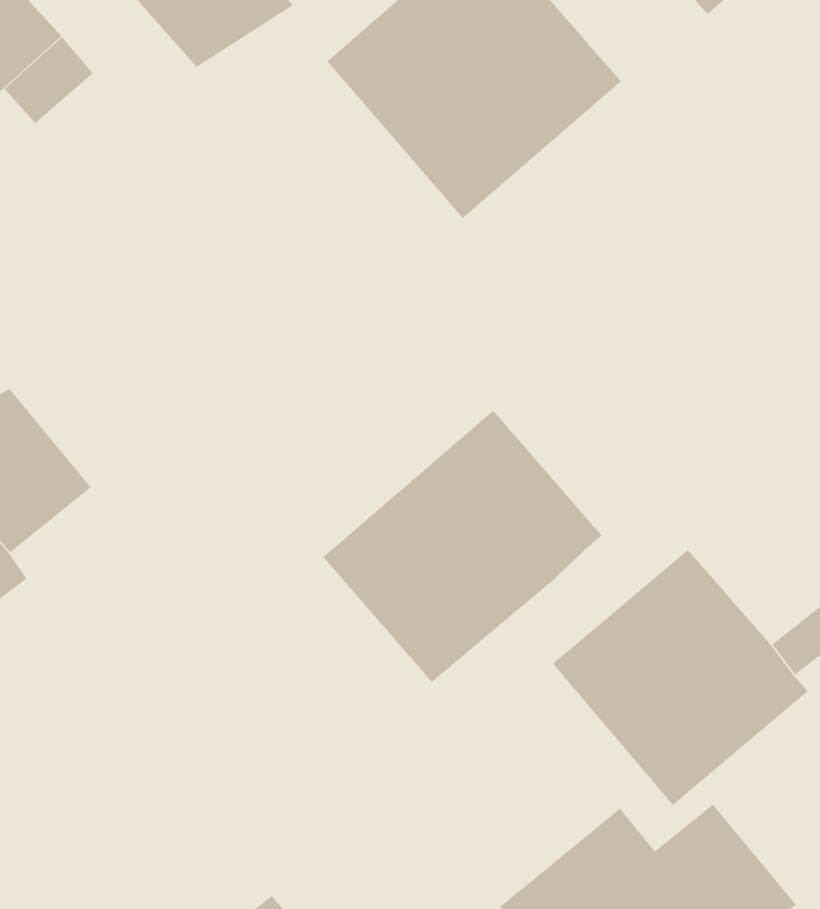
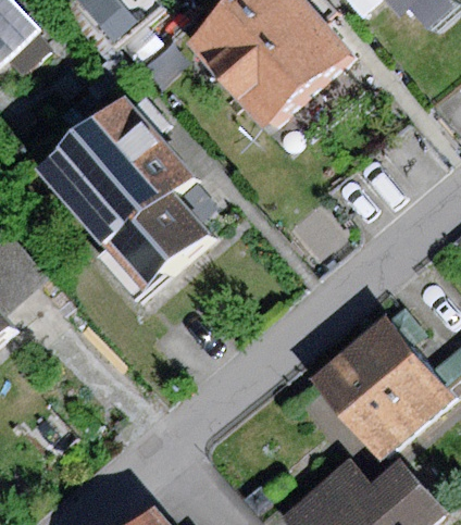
building: none -> [34,92,204,290]
building: [323,410,602,683] -> none

